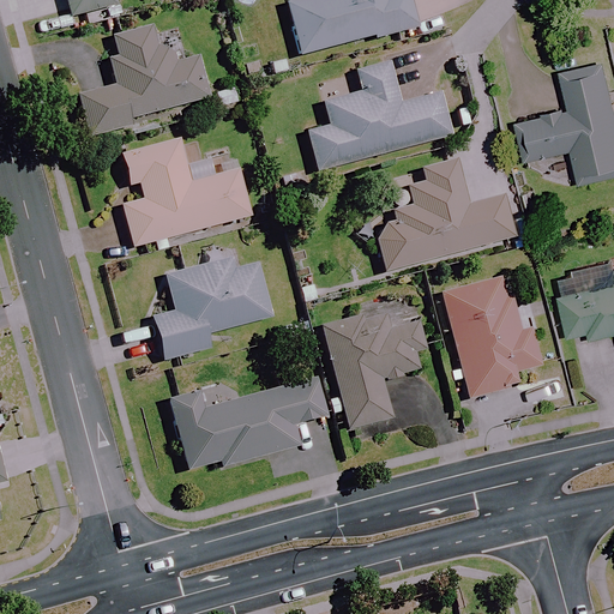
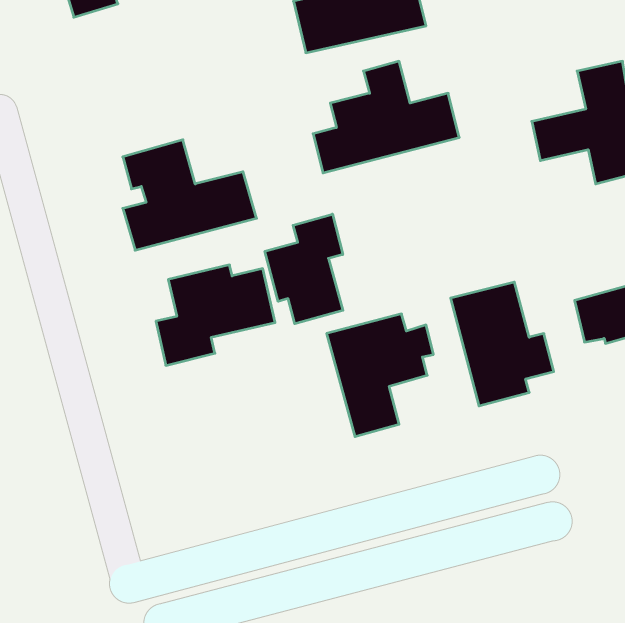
building: [78,24,210,131] -> none
building: [374,158,517,269] -> none
building: none -> [265,214,343,324]
building: [169,374,327,469] -> none

